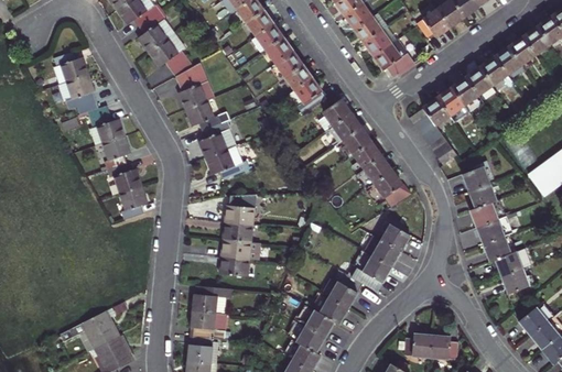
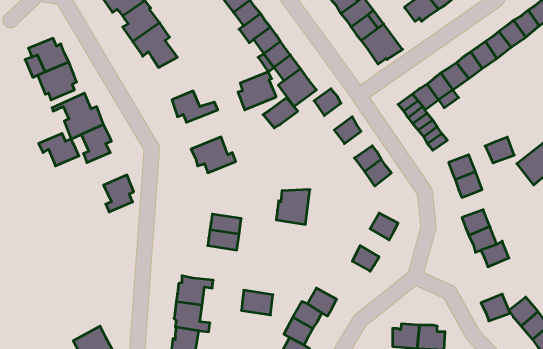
building: [175,67,218,112] -> none
building: [332,116,366,145] -> [263,98,298,128]
building: [201,123,238,161] -> [238,72,276,110]
building: [357,143,386,174] -> none
building: [105,164,144,196] -> [39,133,79,166]
building: [228,195,261,229] -> [276,190,310,224]
building: [466,203,495,228] -> [485,137,514,163]
building: [368,236,402,266] -> none
building: [221,255,252,280] -> [241,290,273,315]
building: [499,267,528,294] -> [481,294,510,321]
building: [331,272,365,308] -> none
building: [78,309,118,349] -> none

